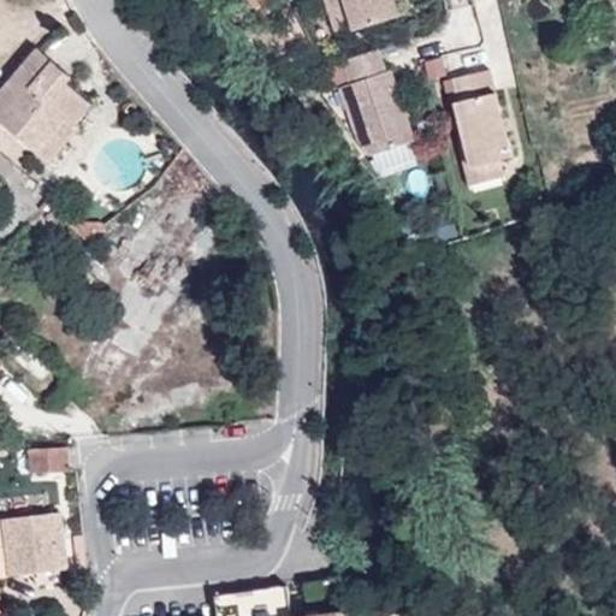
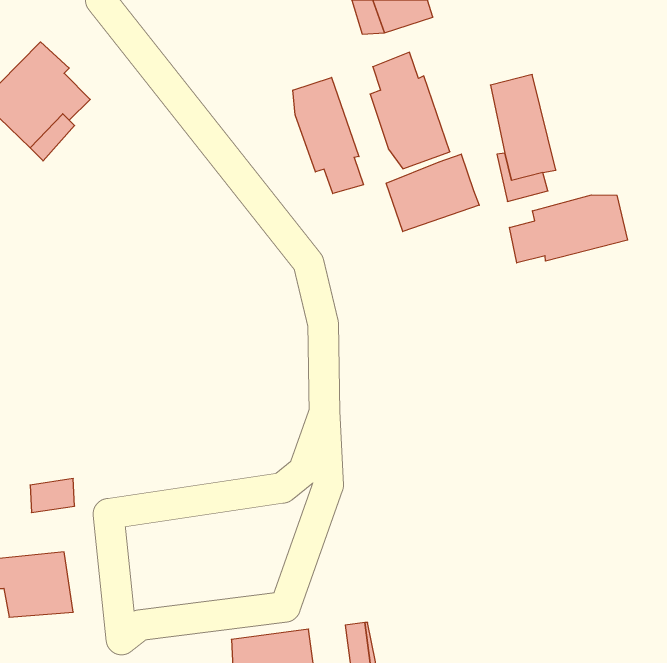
building: none -> [293,77,363,194]
building: none -> [386,154,479,232]
building: none -> [509,195,628,263]

